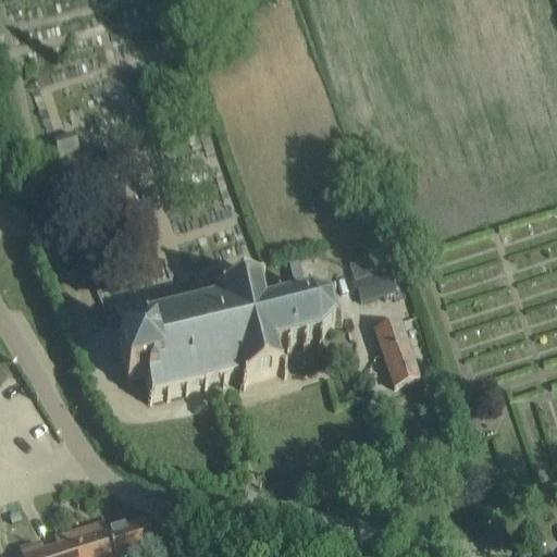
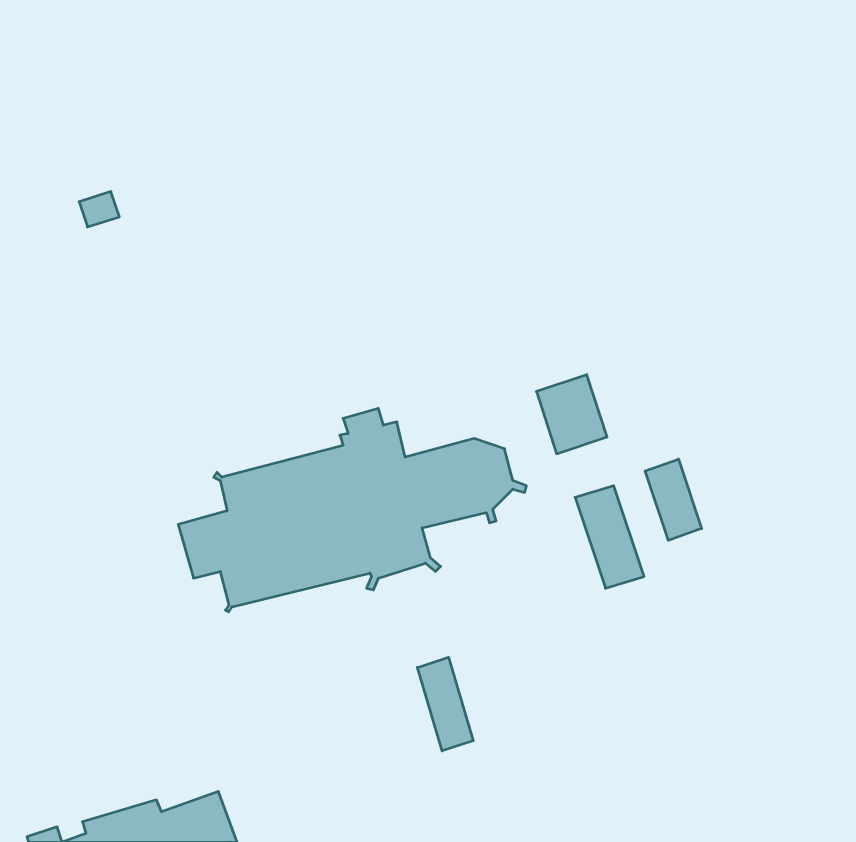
building: none -> [645,459,702,540]
building: none -> [417,657,473,751]

